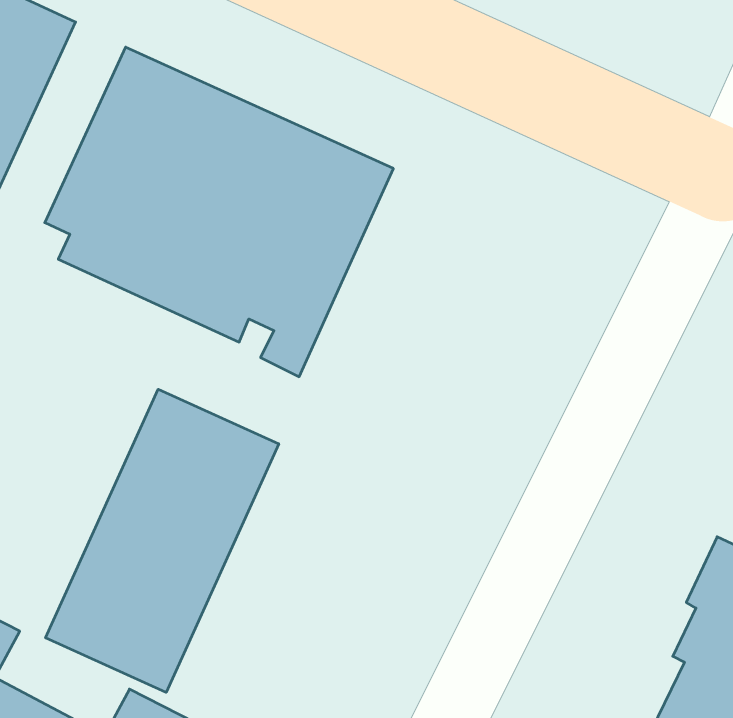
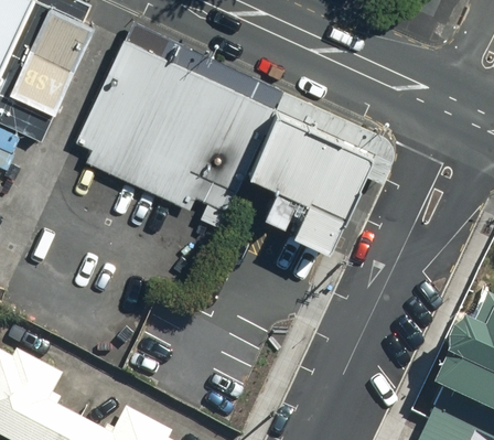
building: none -> [247,108,368,246]
building: [46,389,279,692] -> none

